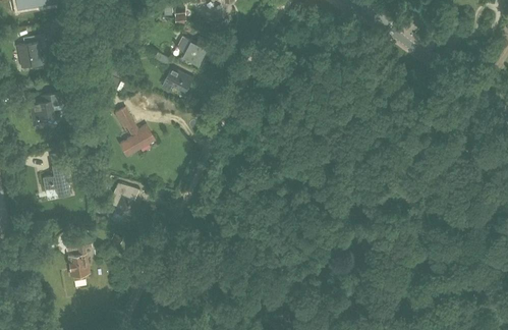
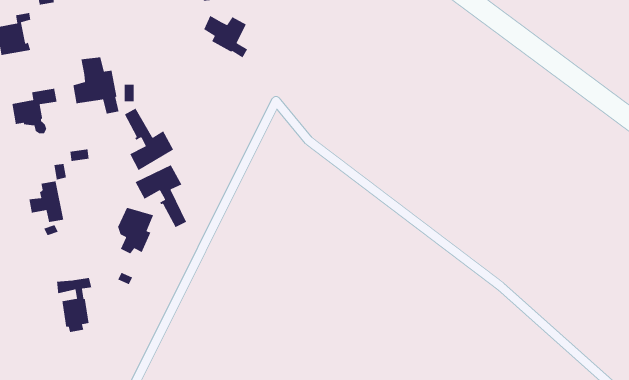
building: [162,67,191,92] -> none
building: none -> [72,56,120,114]
building: none -> [135,164,187,228]

